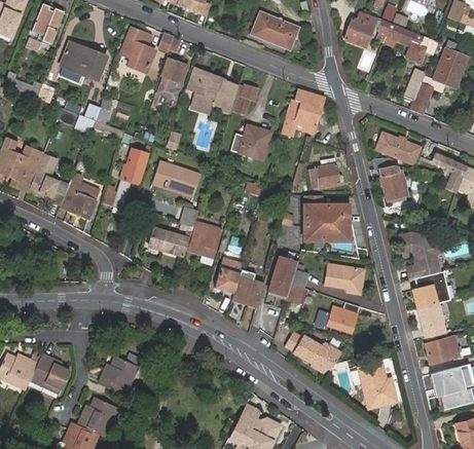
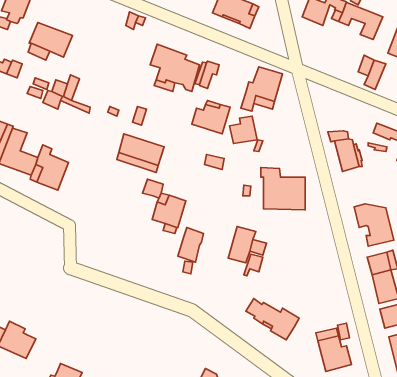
building: [123,28,155,73] -> none
building: [154,58,189,105] -> none
building: [376,133,421,163] -> none
building: [103,150,149,210] -> none
building: [312,158,340,187] -> [230,116,257,144]
building: [148,226,190,256] -> none
building: [324,264,362,295] -> none
building: [232,276,264,306] -> none
building: [317,301,361,332] -> none
building: [98,359,138,399] -> none

